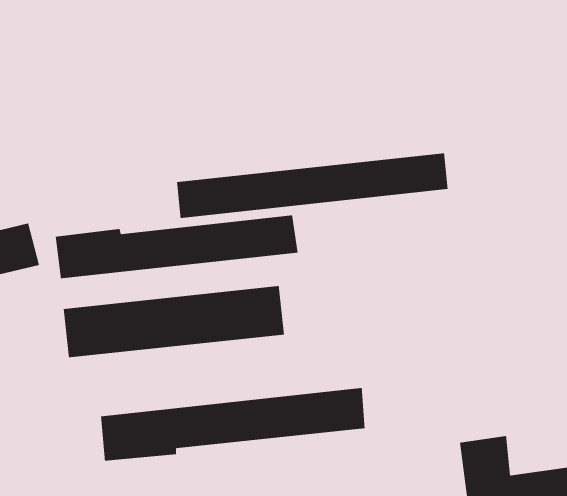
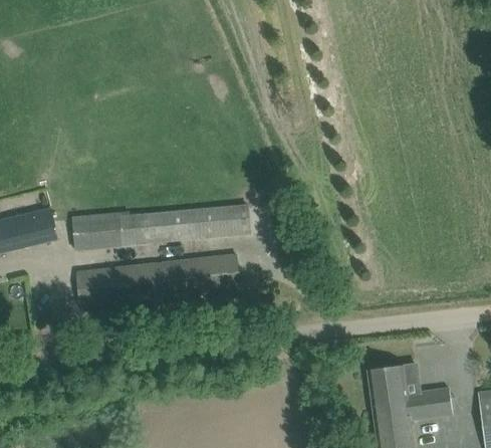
building: [177,153,448,219] -> none
building: [100,387,365,462] -> none

